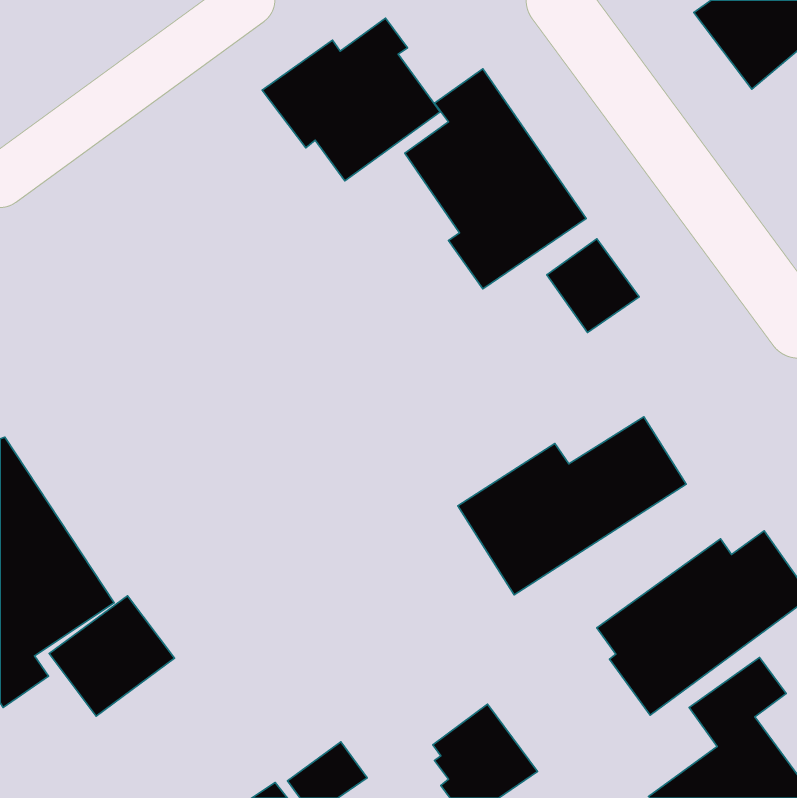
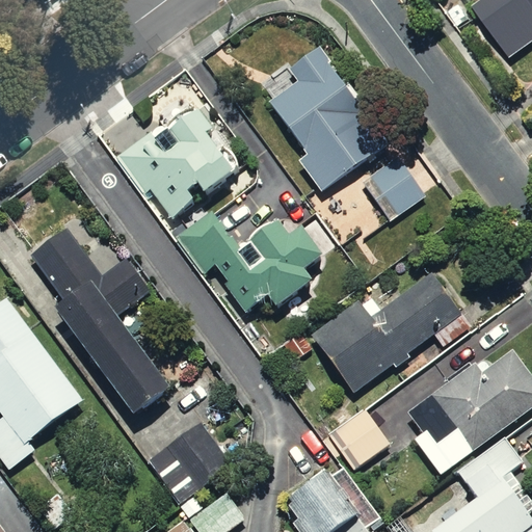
building: [262,18,440,181] -> [115,108,234,216]
building: none -> [180,212,325,311]
building: none -> [31,227,168,411]
building: [49,596,174,716] -> [150,421,233,501]
building: none -> [330,408,392,470]

